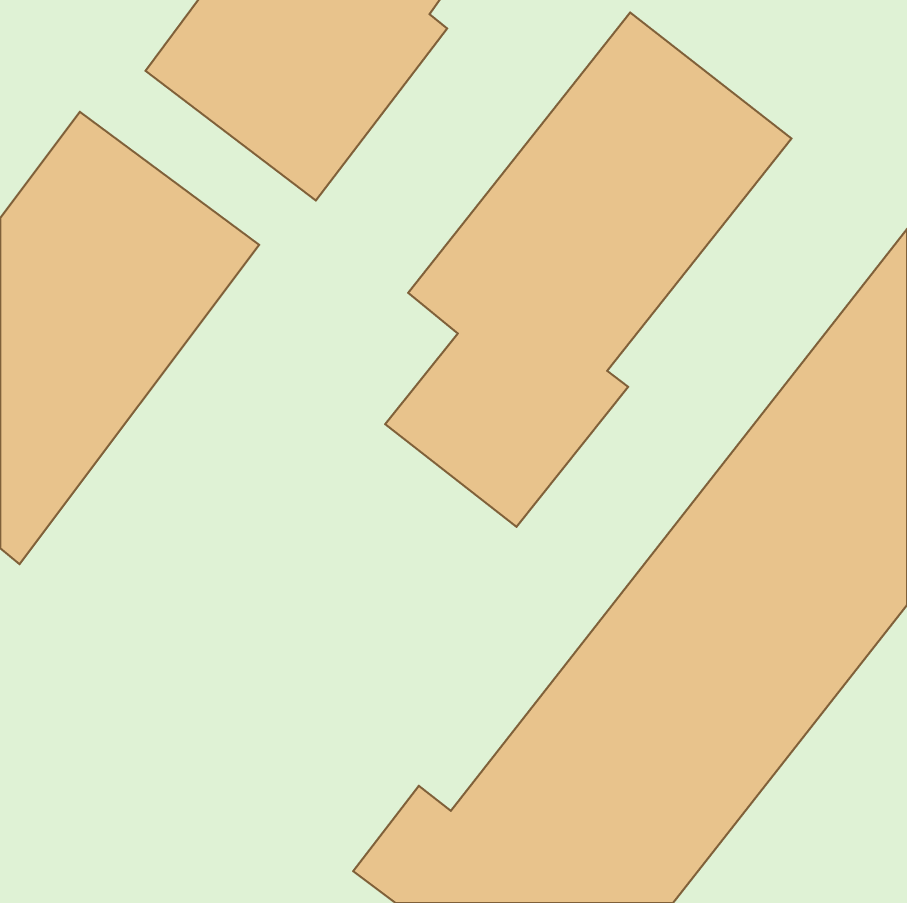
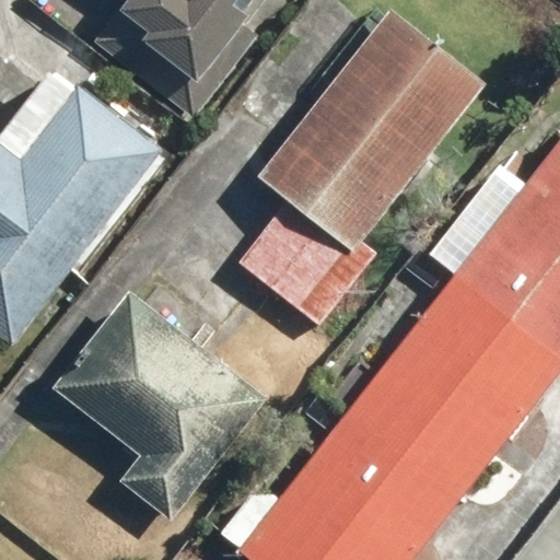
building: none -> [49,291,267,524]

